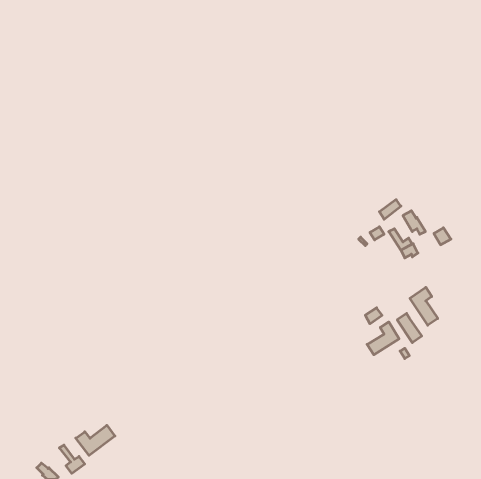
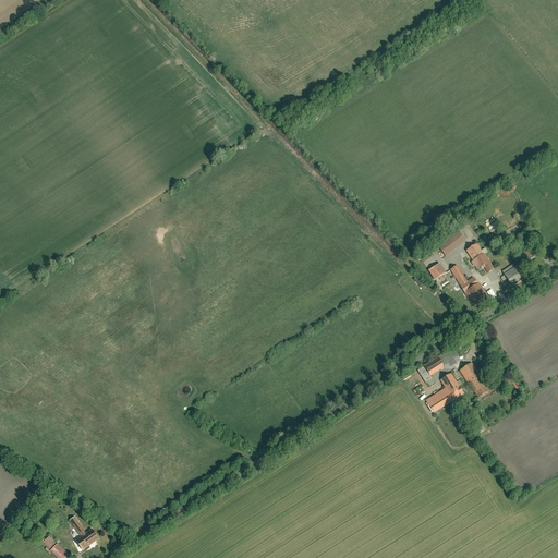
building: [410,287,438,325] -> none
building: [76,425,115,455] -> none

